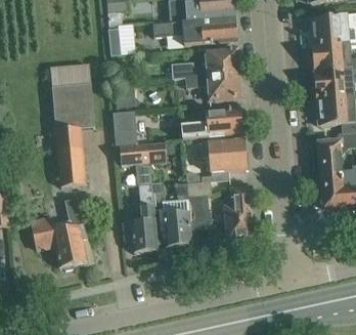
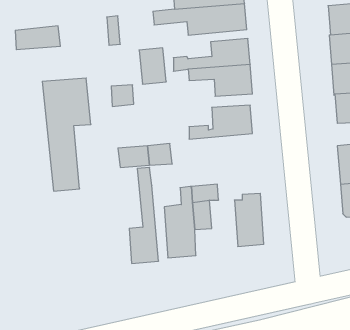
building: [50,65,91,86] -> [15,26,60,50]
building: [113,110,137,142] -> [139,48,166,84]
building: [194,139,244,171] -> none
building: [30,197,86,266] -> none

